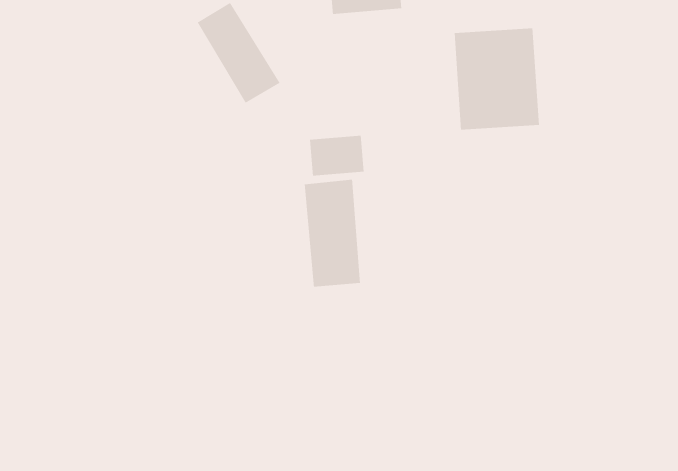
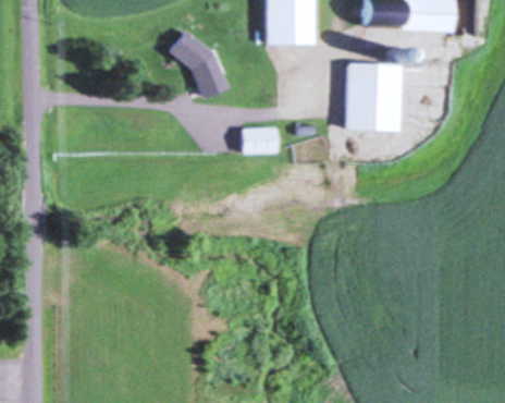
building: [304,179,361,287] -> none

